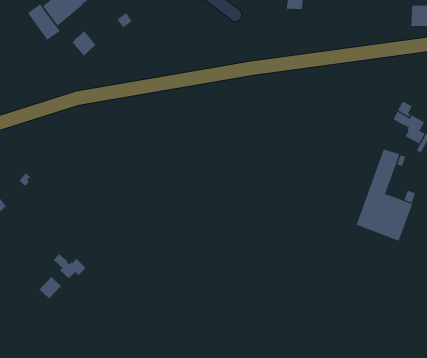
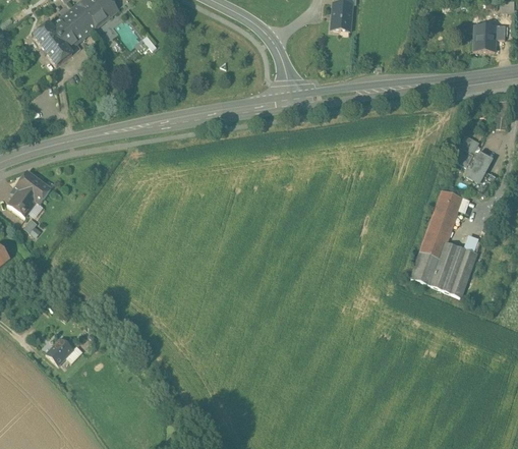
building: [72,31,96,57] -> none
building: none -> [8,169,52,216]
building: [53,254,86,279] -> none

